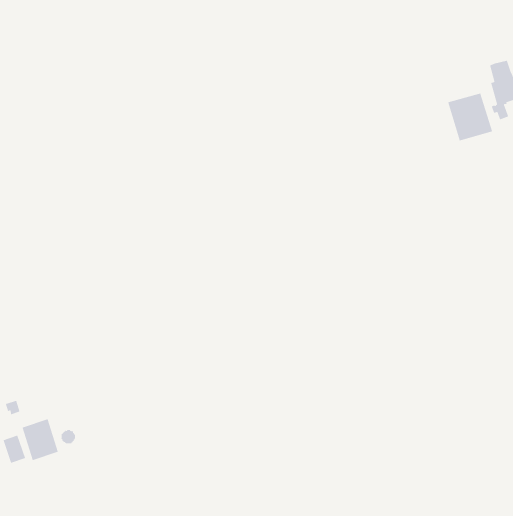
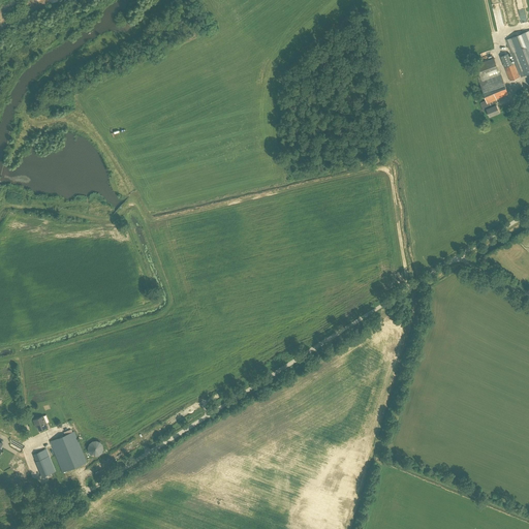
building: [447,92,493,141] -> none

